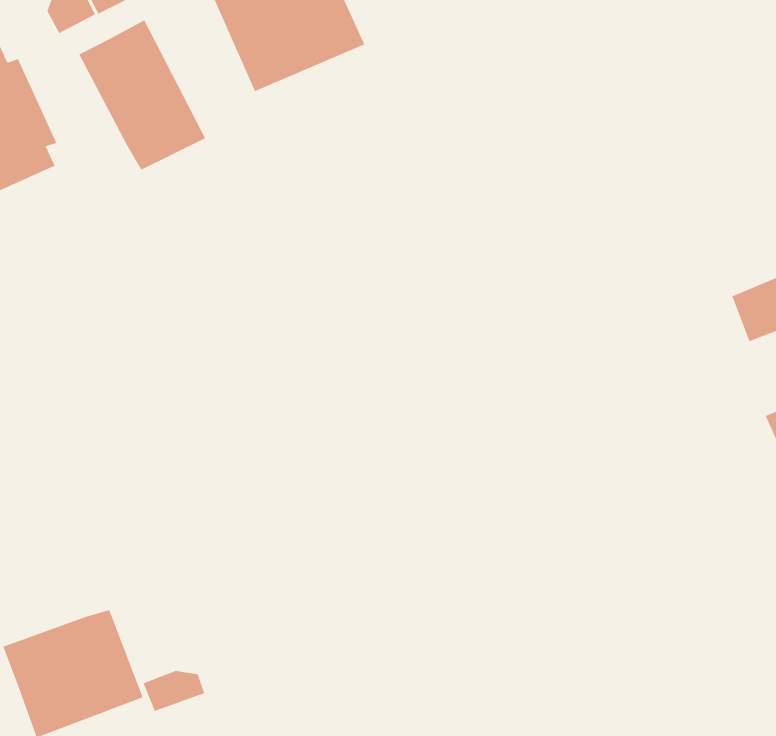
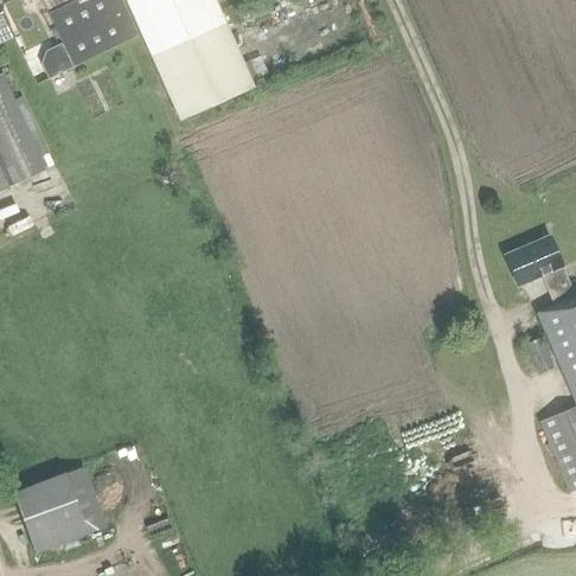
building: [79,20,206,171] -> none
building: [143,670,205,712] -> none

